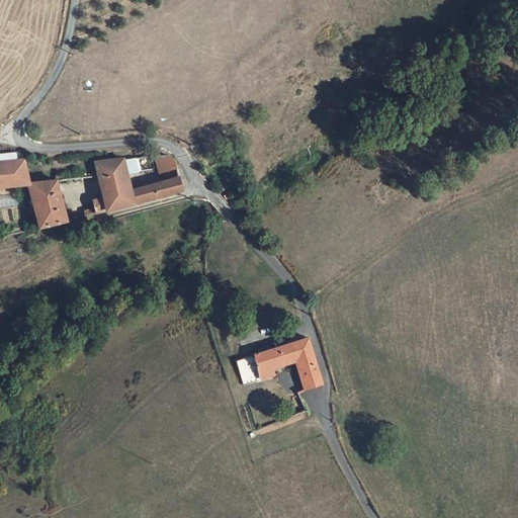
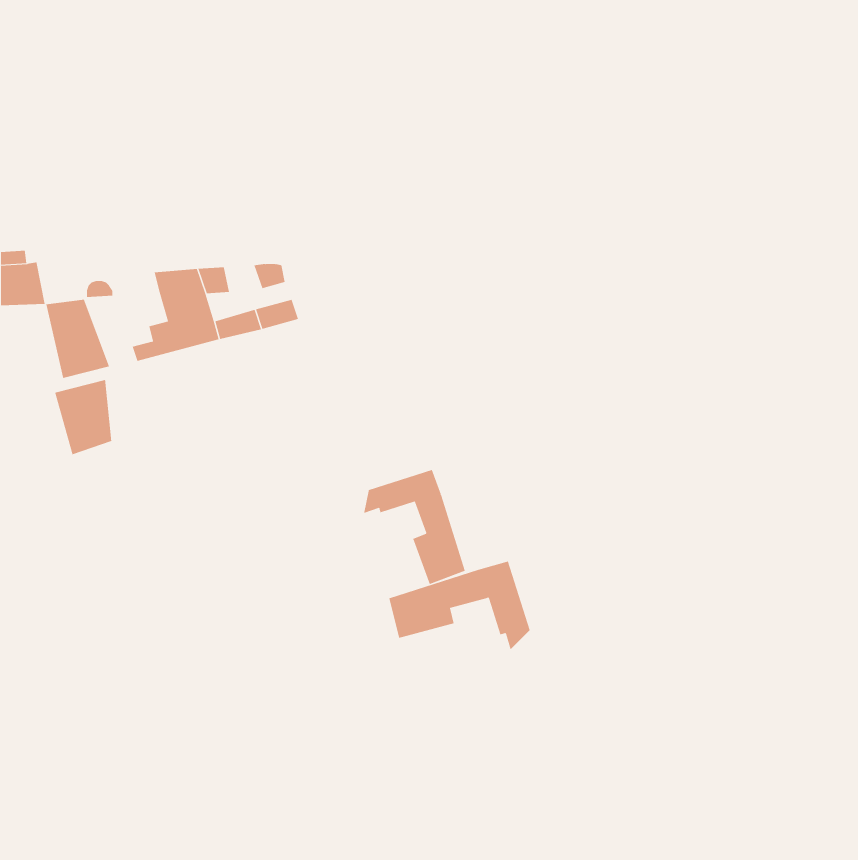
building: none -> [55,379,112,455]
building: none -> [363,469,465,585]

